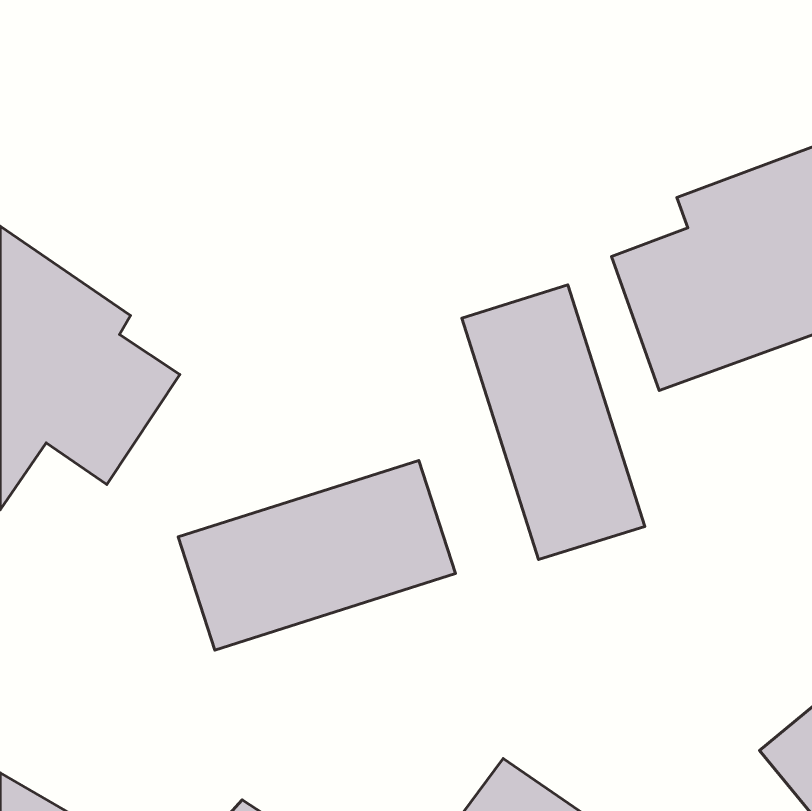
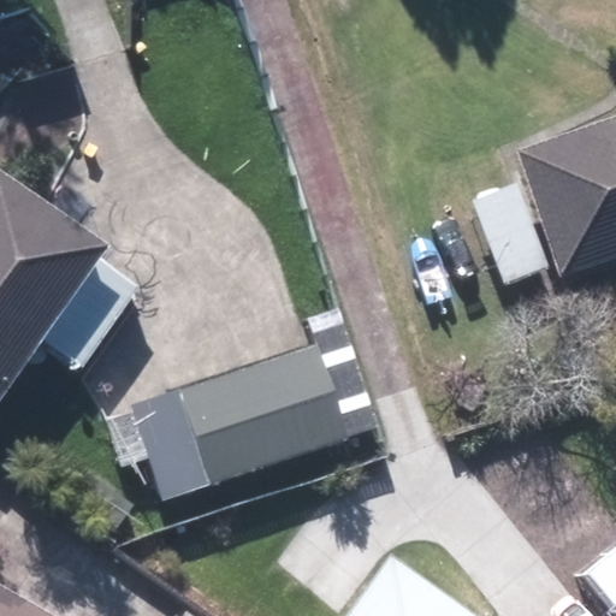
building: [462,285,645,560] -> none

